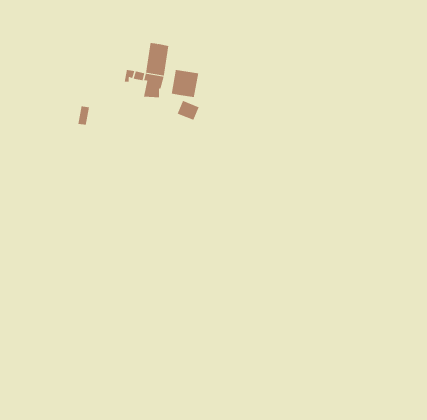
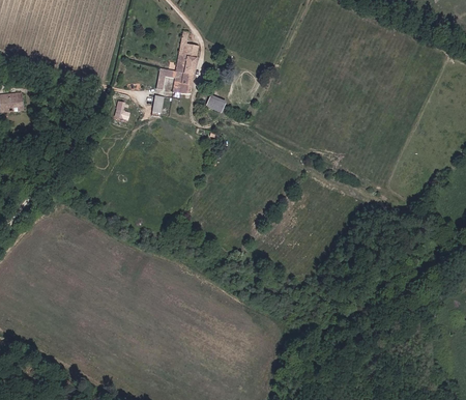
building: [171,69,199,98] -> none

